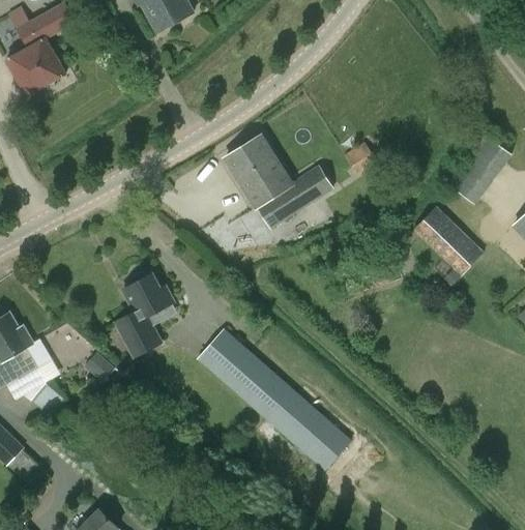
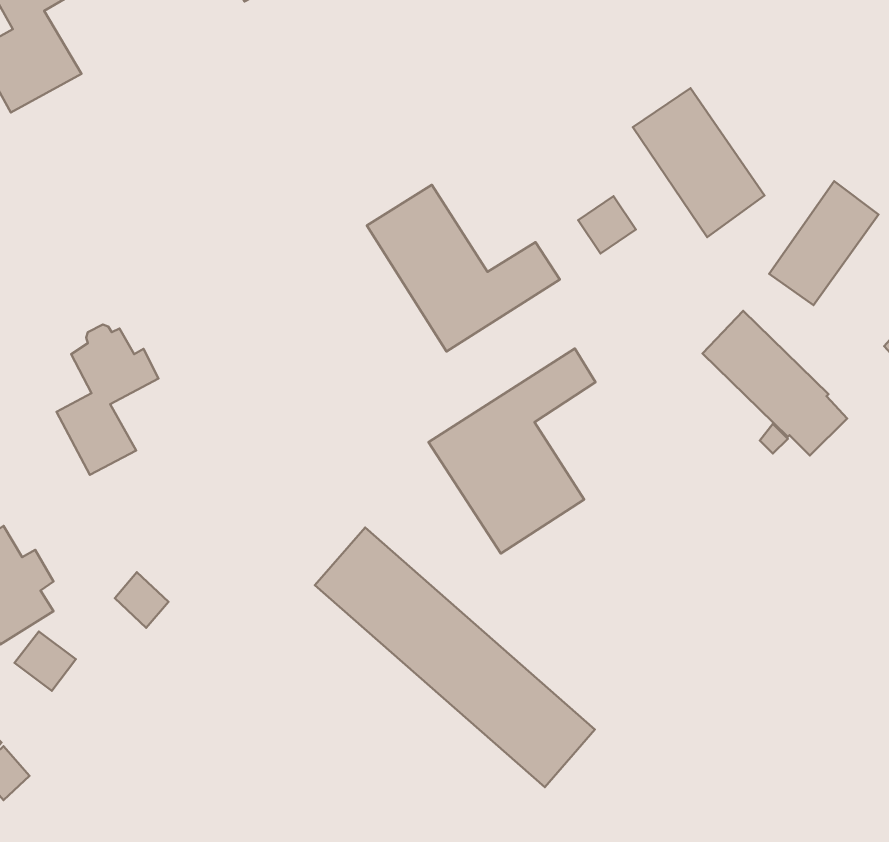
building: none -> [633,88,765,237]
building: none -> [429,349,596,553]
building: [112,273,169,357] -> [56,325,158,475]

